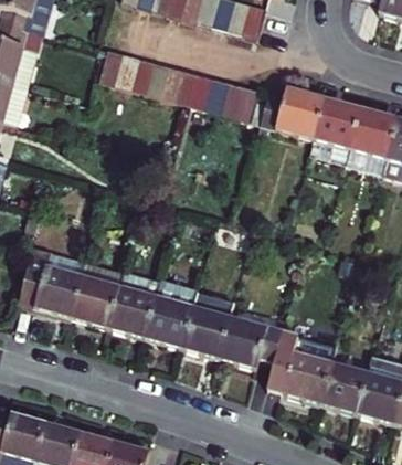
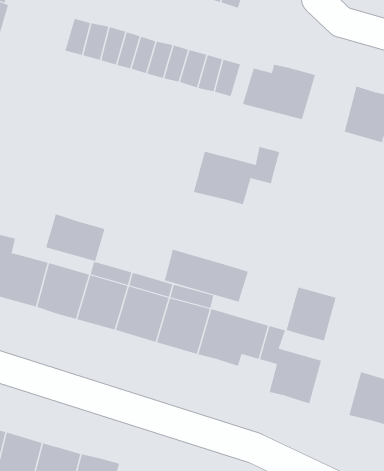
building: [314,99,362,151] -> none
building: none -> [193,146,280,205]
building: none -> [45,214,105,262]
building: none -> [164,249,248,302]
building: [320,360,367,410] -> [286,287,336,341]

